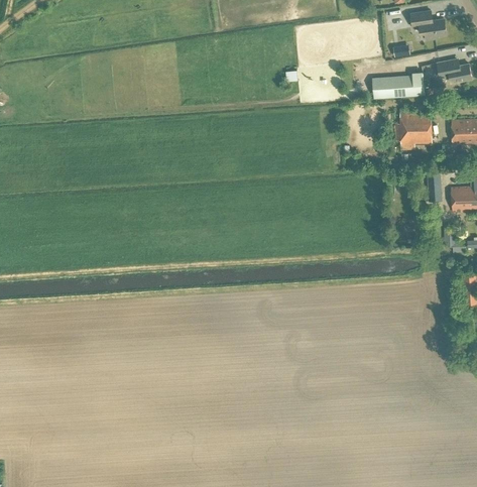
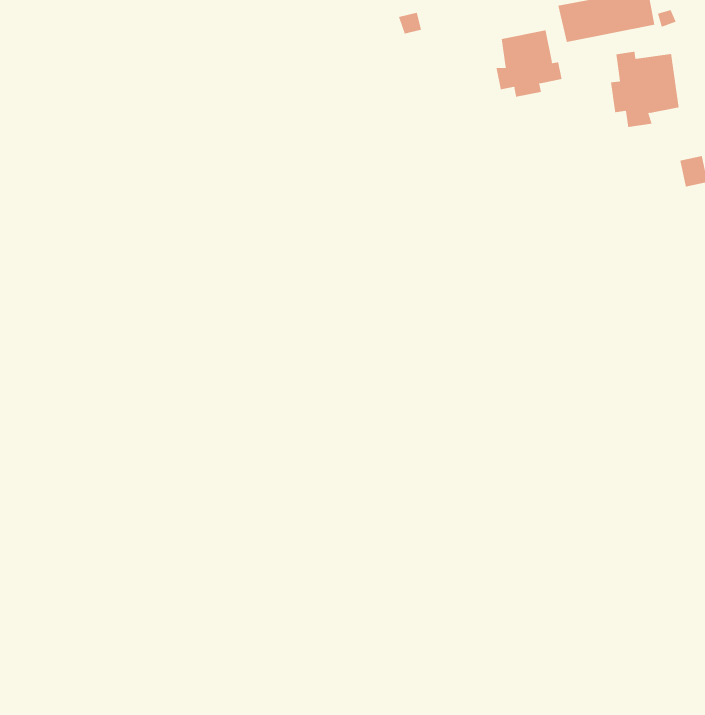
building: none -> [496,30,562,98]

